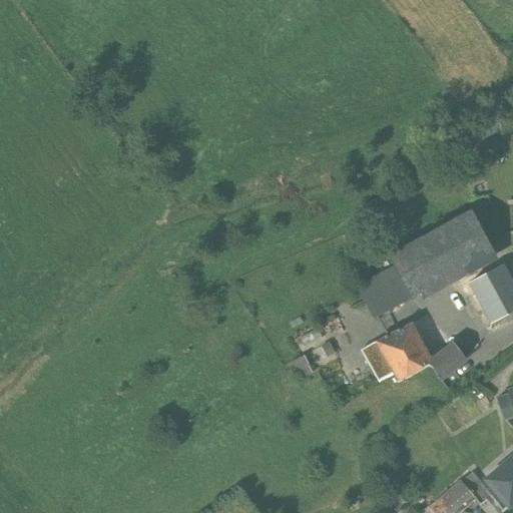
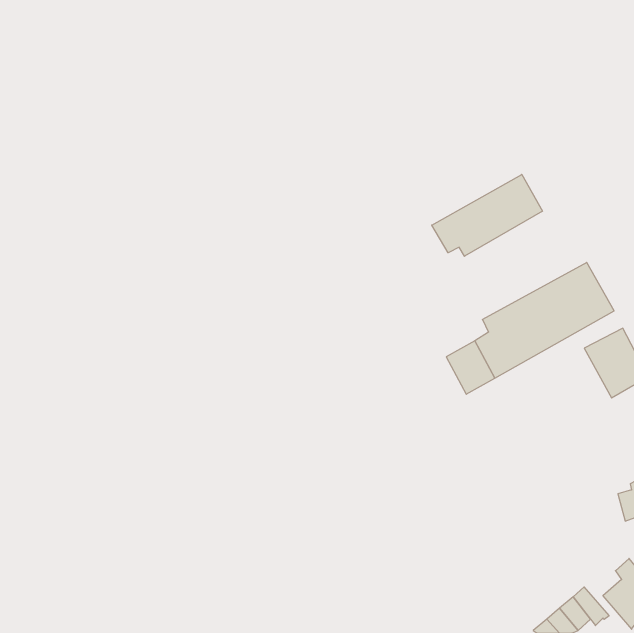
building: none -> [432,174,542,256]
building: [362,324,467,382] -> none

